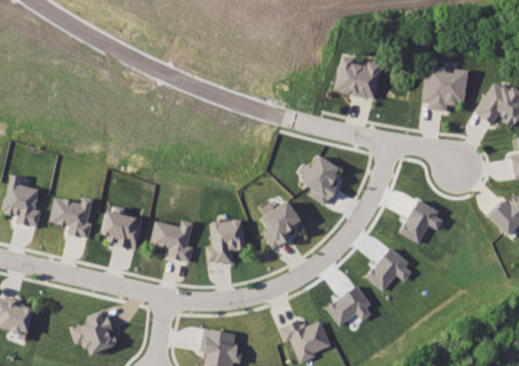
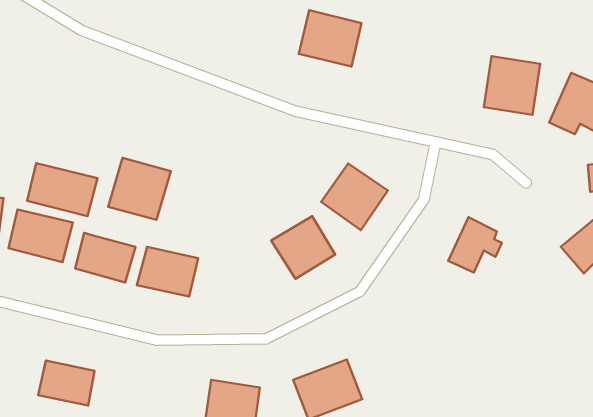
building: [342,57,392,103] -> [299,10,362,67]
building: none -> [108,158,171,220]
building: none -> [27,163,97,216]
building: [210,225,255,265] -> none
building: [364,247,412,290] -> none
building: [324,285,373,325] -> none

